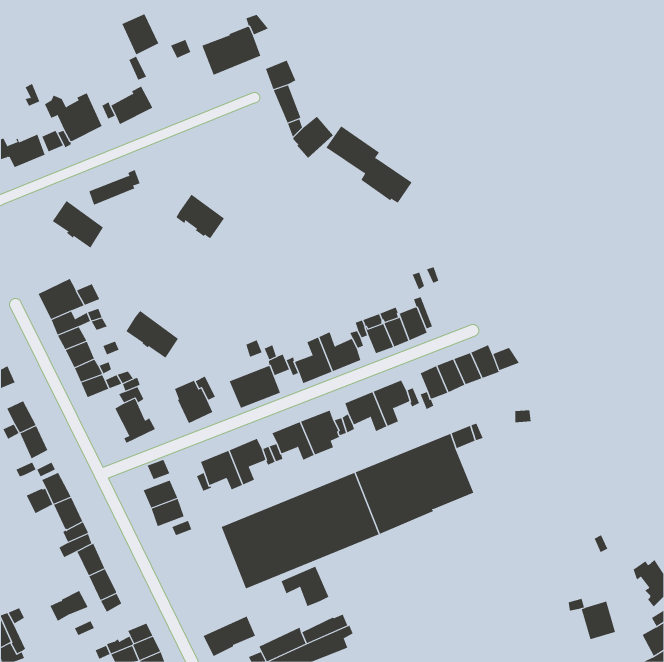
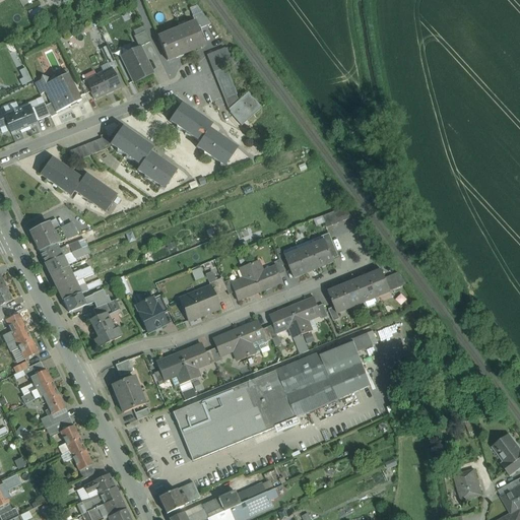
building: [121,14,159,55] -> [122,48,151,80]
building: [325,125,412,203] -> [169,103,237,164]
building: none -> [110,126,152,165]
building: [126,310,179,358] -> [74,173,116,210]
building: [281,566,329,607] -> none
building: [50,590,89,621] -> [84,473,115,498]

